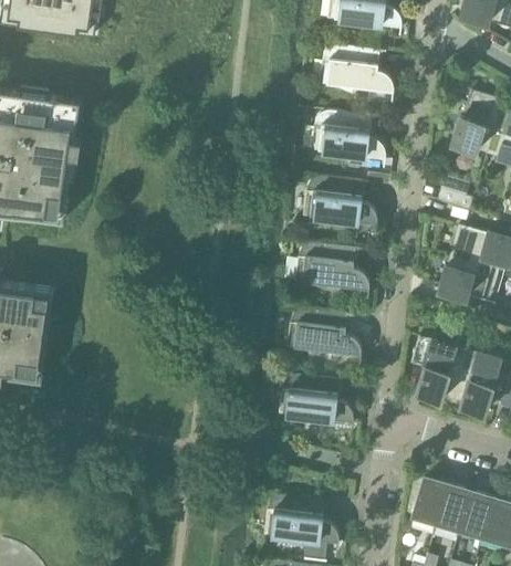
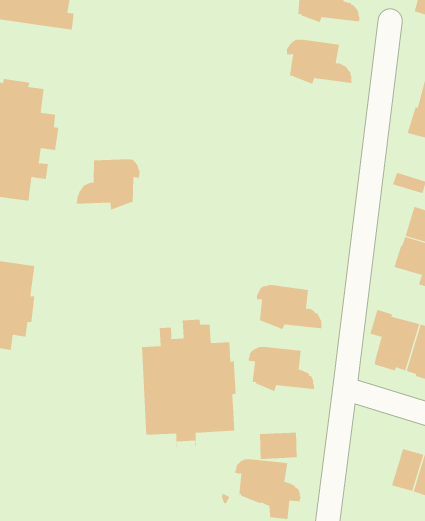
building: [315,114,386,161] -> none
building: none -> [76,158,140,211]
building: [306,179,378,228] -> none
building: [299,245,369,293] -> none
building: none -> [142,319,236,448]
building: none -> [259,432,297,460]
building: [411,479,448,526] -> none

